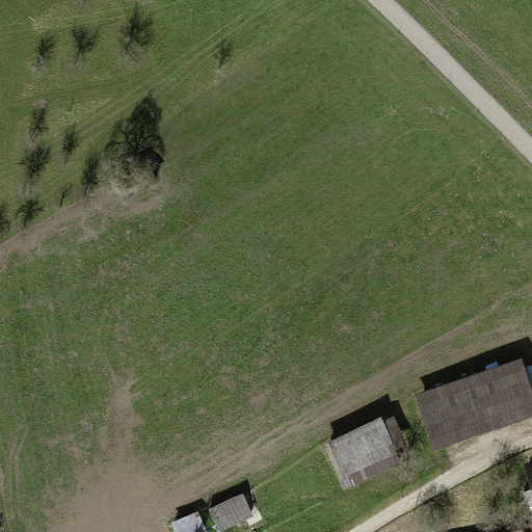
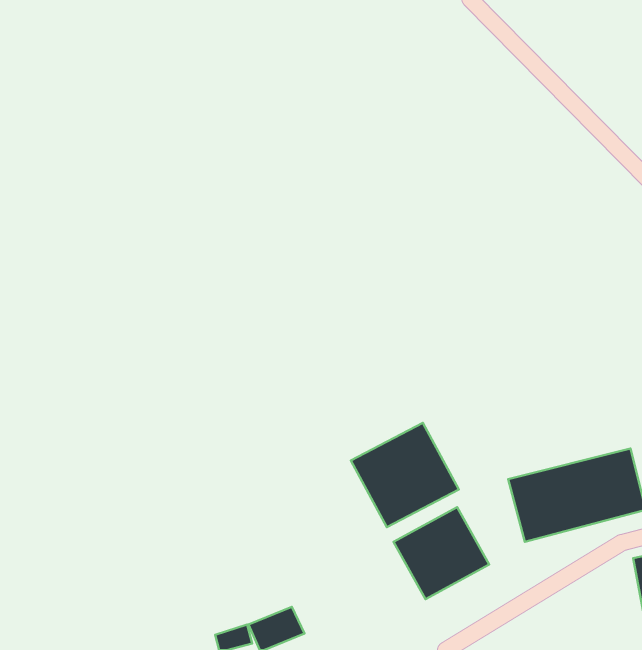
building: none -> [351,423,459,527]

